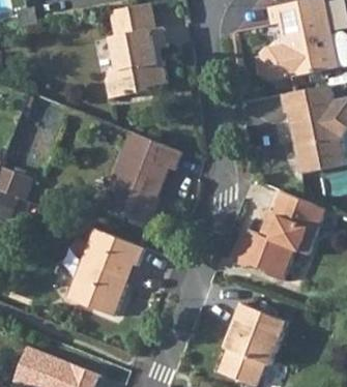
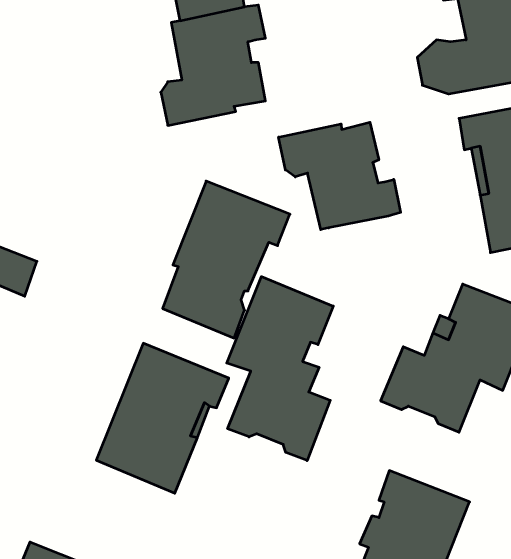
building: none -> [279,122,401,230]
building: none -> [227,277,333,461]

